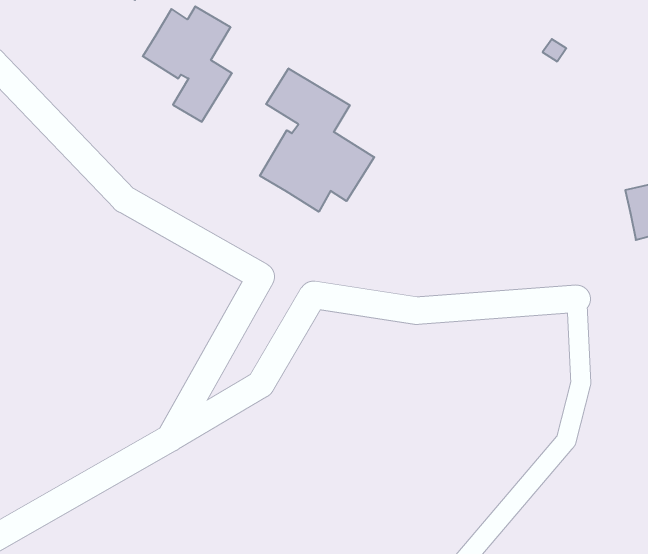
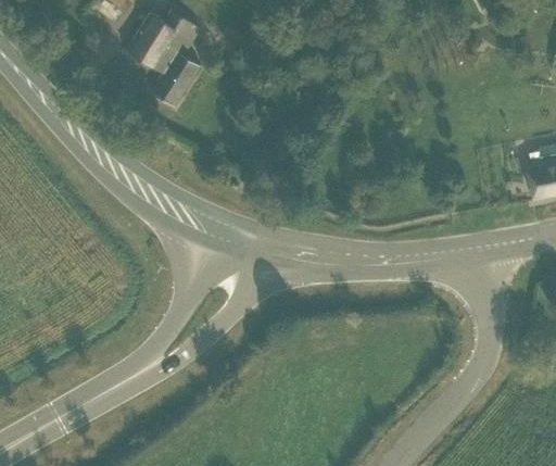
building: [260,68,374,212] -> none

